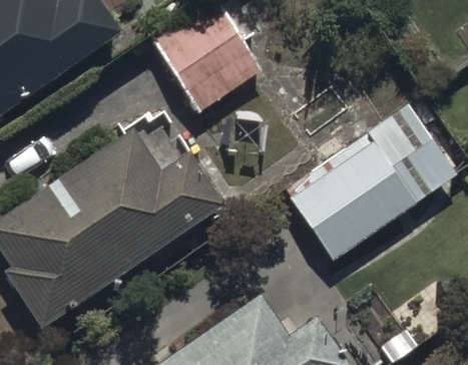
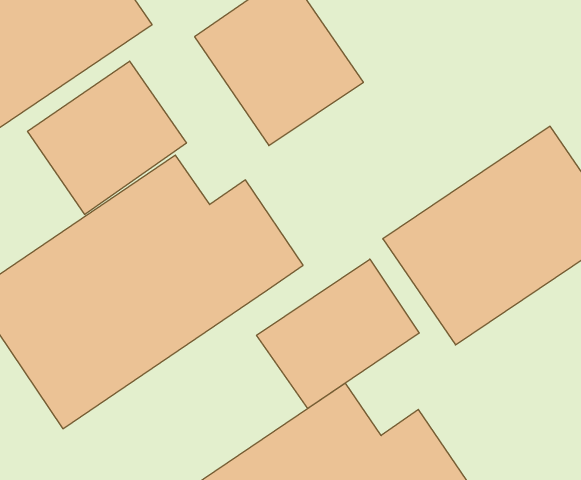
building: none -> [28,61,186,215]
building: none -> [257,259,419,408]

